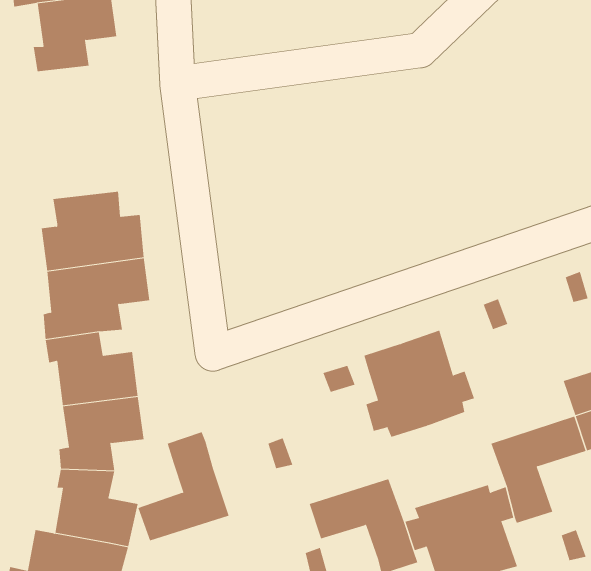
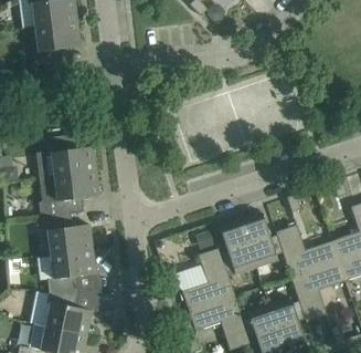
building: none -> [276,225,339,276]
building: [138,432,230,541] -> [182,248,234,310]

